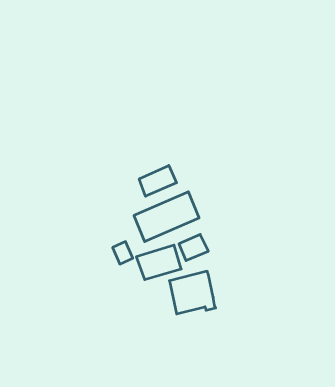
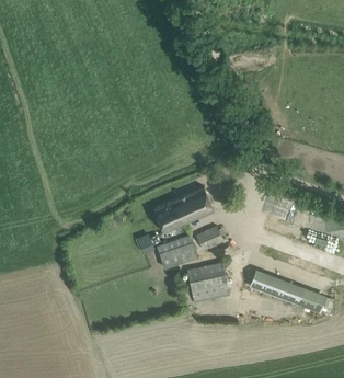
building: [139,165,177,196] -> none
building: none -> [249,268,326,313]

